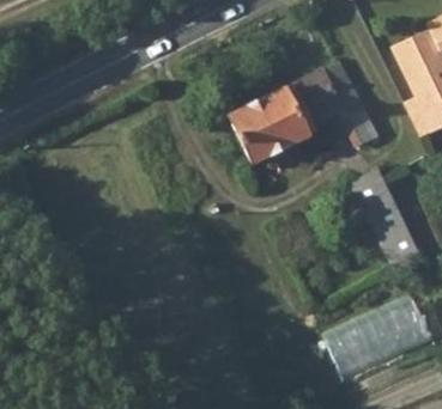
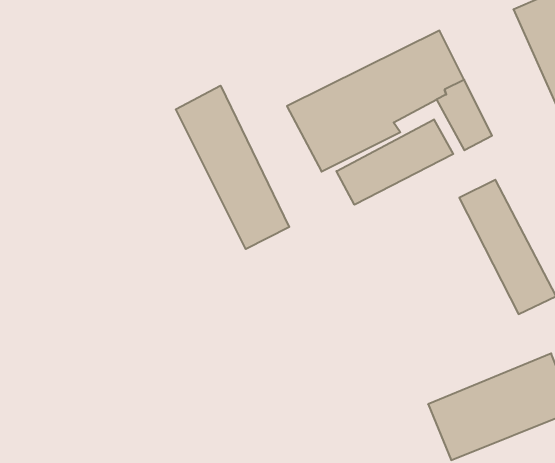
building: none -> [176,86,289,249]
building: none -> [336,119,453,205]

